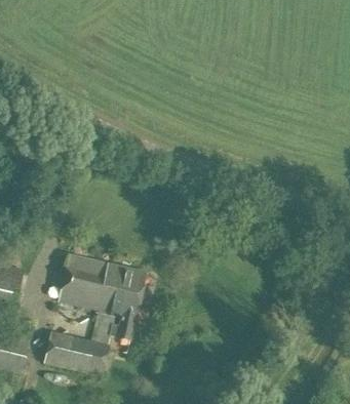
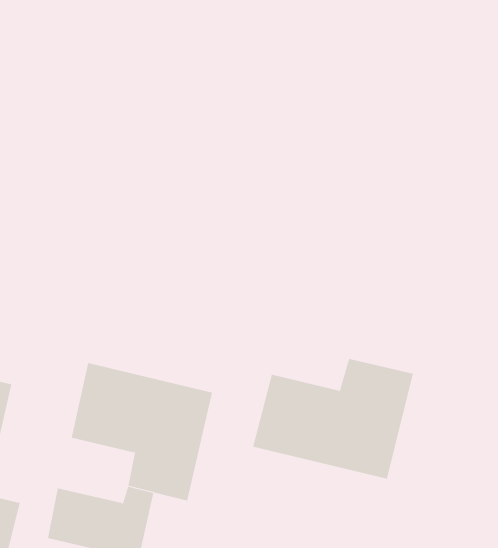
building: none -> [253,358,414,479]

